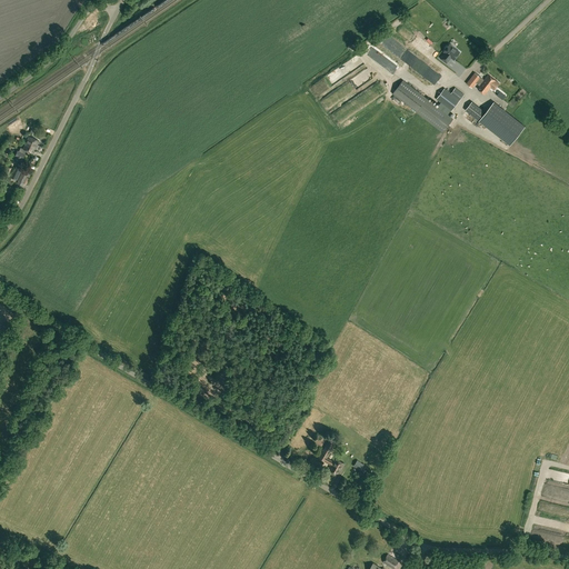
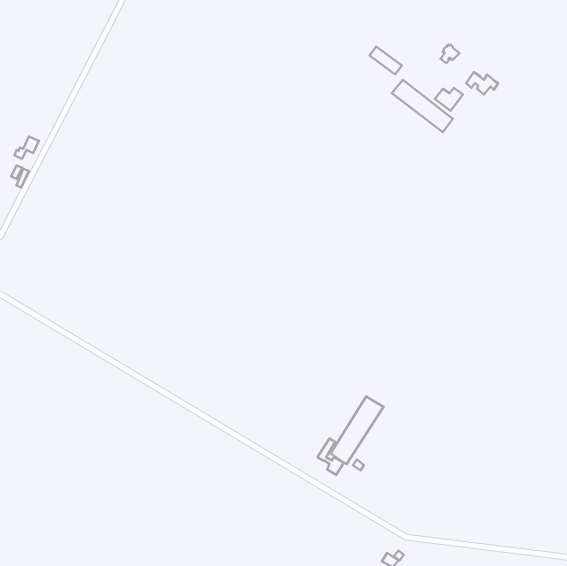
building: [467,103,525,146] -> none
building: none -> [330,397,384,464]

